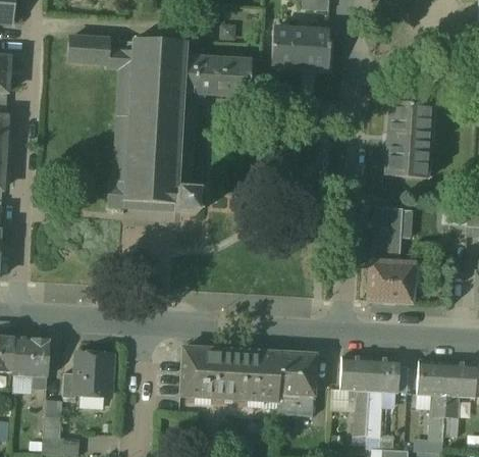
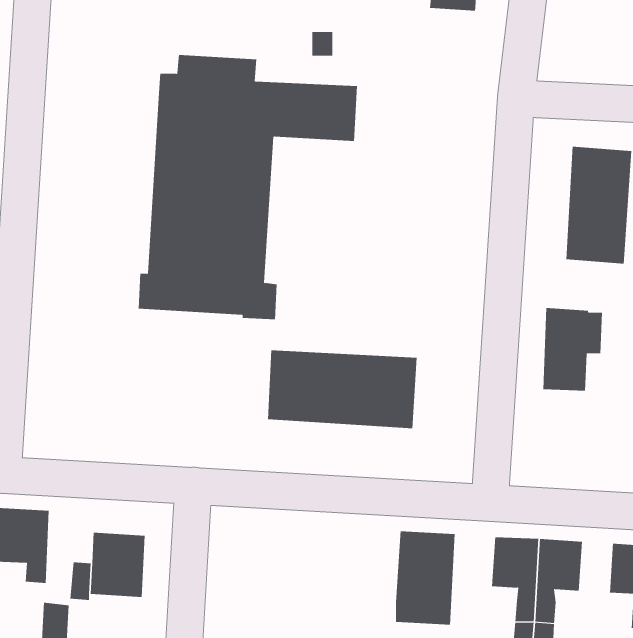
building: [270,29,328,68] -> none
building: [67,38,120,68] -> none
building: [369,260,422,303] -> none
building: [179,348,278,400] -> [267,350,418,429]

